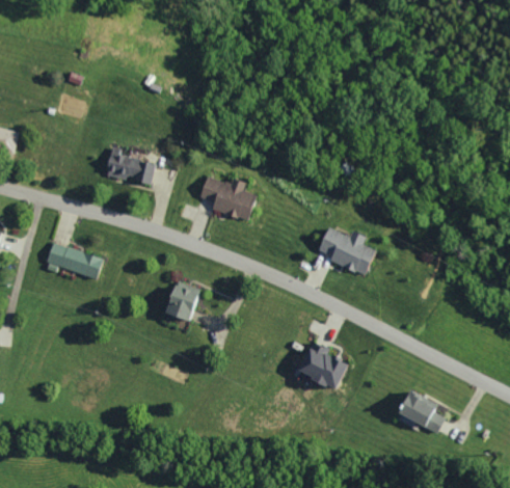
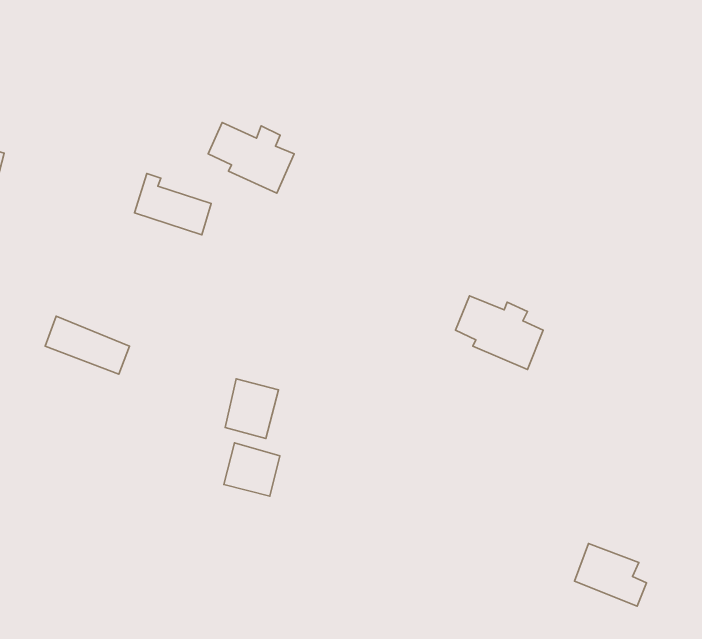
building: [198,175,256,222] -> [208,123,294,193]
building: none -> [224,443,280,496]
building: [295,342,344,390] -> none

